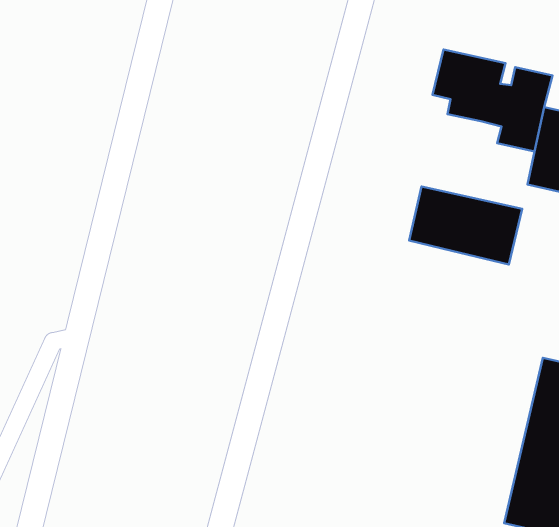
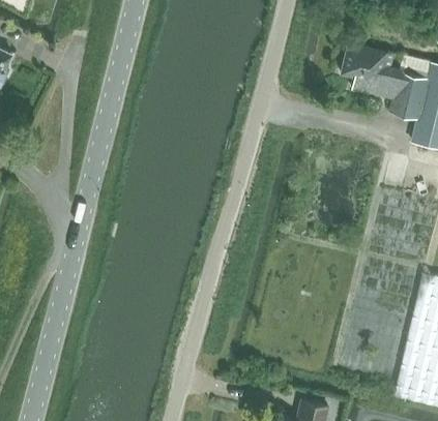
building: [409,187,522,264] -> none

